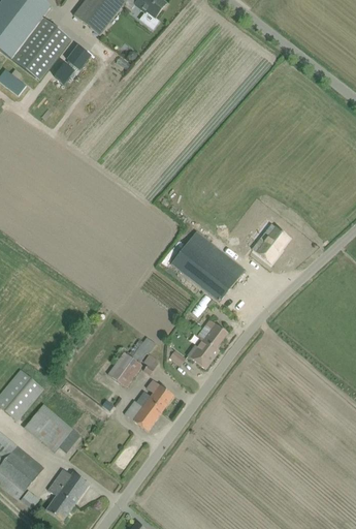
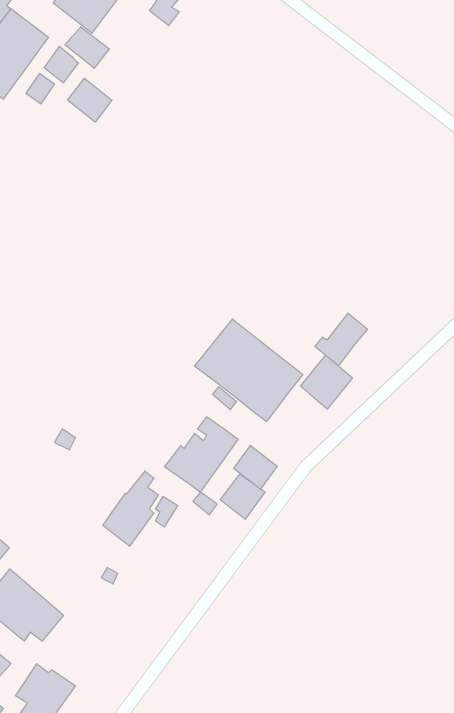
building: none -> [65,27,109,68]
building: none -> [68,78,112,122]
building: none -> [301,355,352,409]
building: [123,379,173,431] -> [164,417,238,492]

